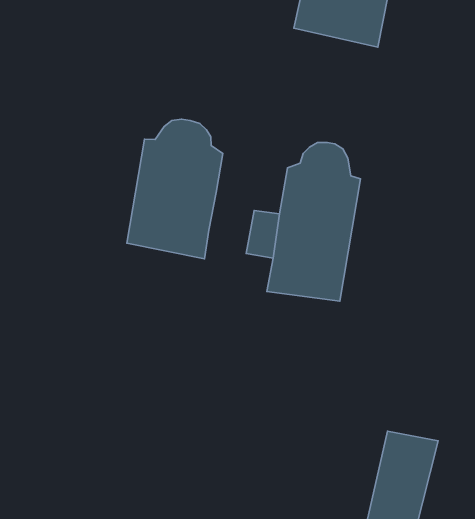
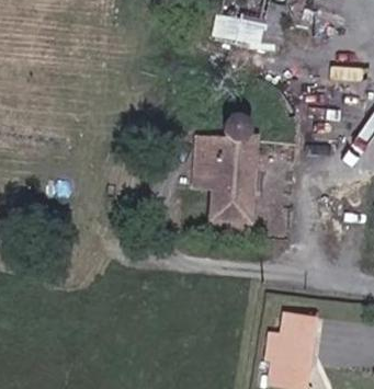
building: [127,119,223,259] -> none

